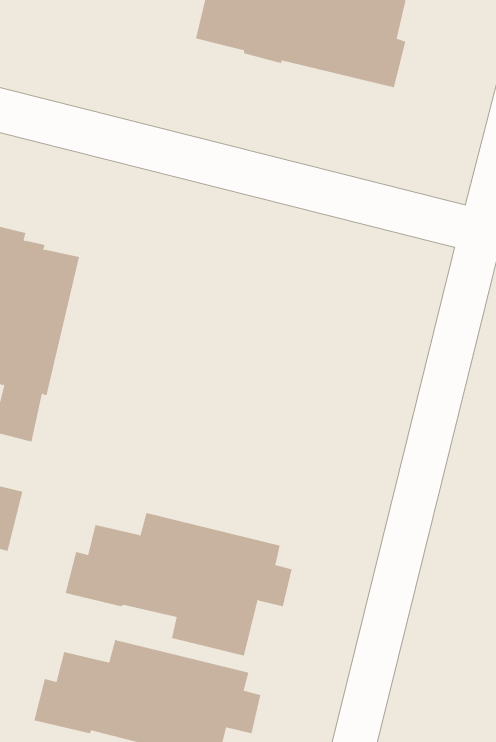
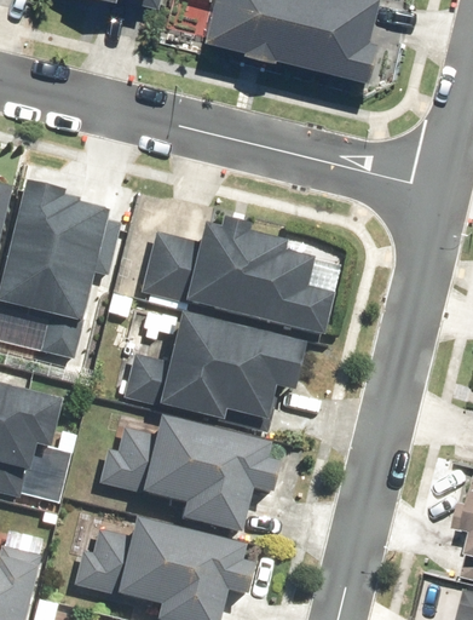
building: none -> [139,218,336,335]
building: none -> [122,314,307,421]

